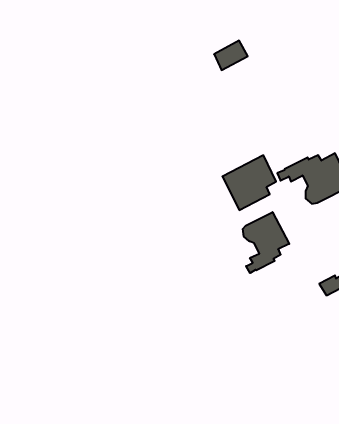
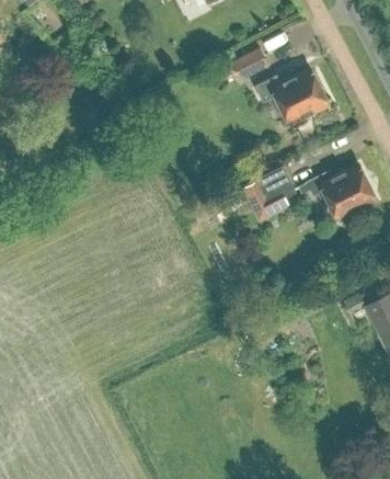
building: none -> [255,70,326,127]
building: [243,212,289,273] -> none

